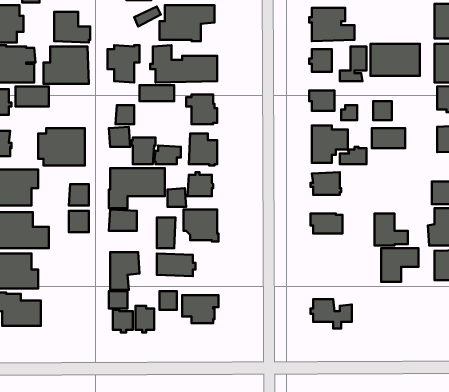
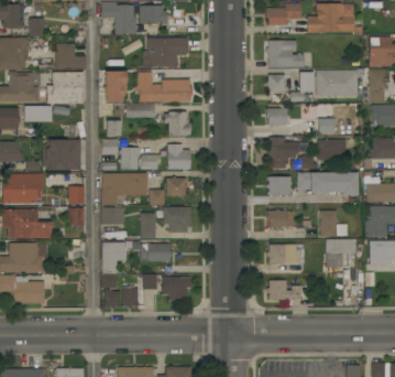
building: none -> [297,173,358,196]
building: none -> [267,245,305,263]

